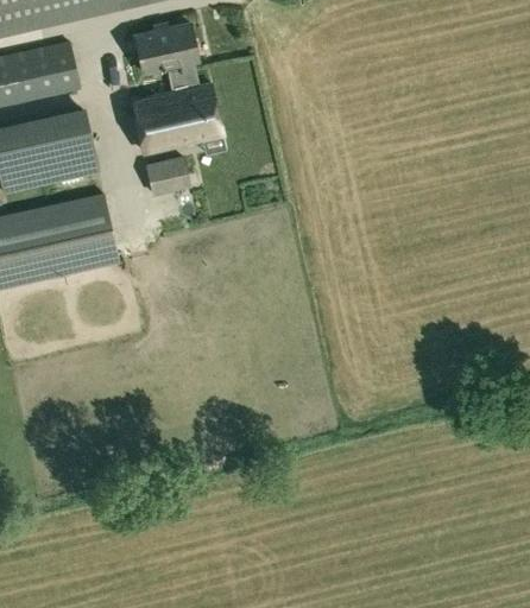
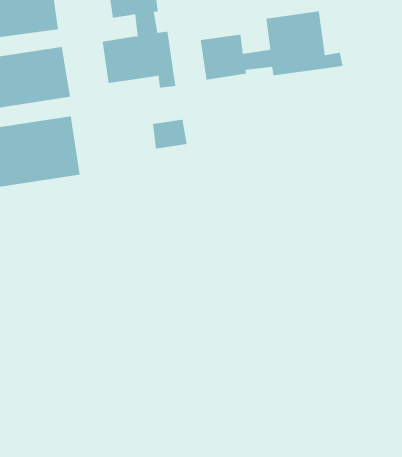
building: none -> [200,11,343,81]
building: [146,156,190,194] -> [152,119,187,149]

